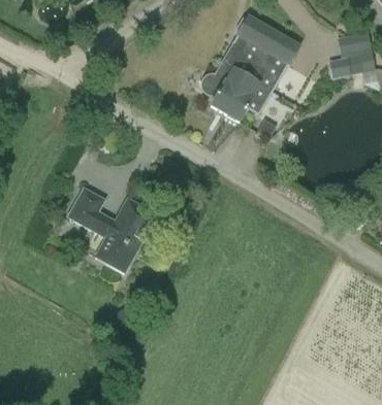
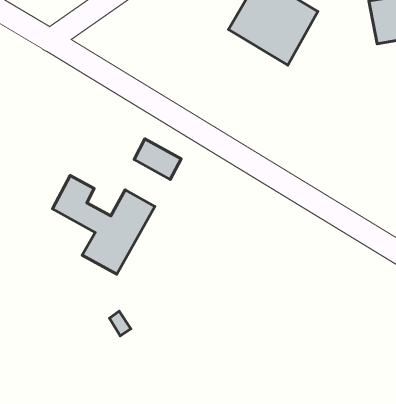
building: [201,62,260,122] -> none
building: none -> [134,139,181,180]

